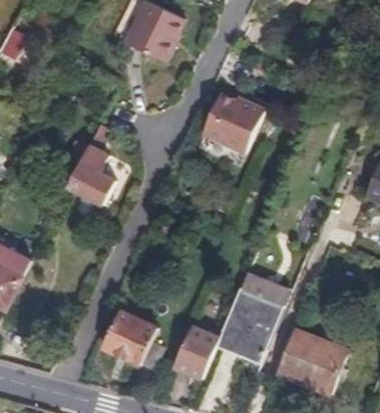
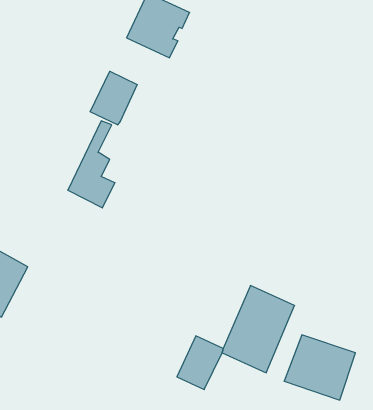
building: none -> [90,71,137,125]
building: [200,92,262,153] -> none
building: [100,313,161,372] -> none

